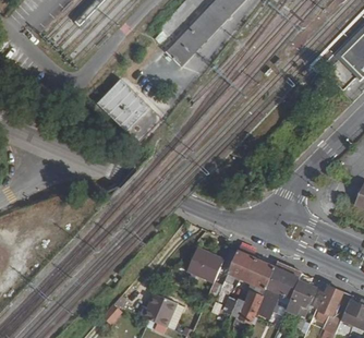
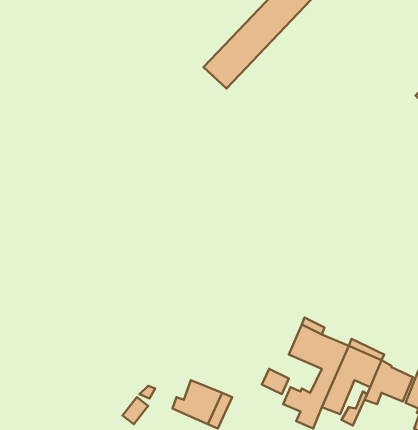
building: [92,80,158,145] -> none
building: [187,245,223,280] -> none

